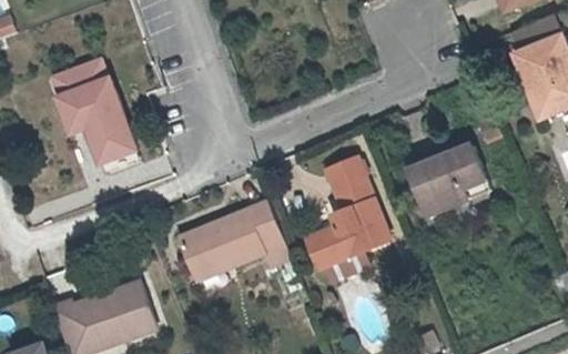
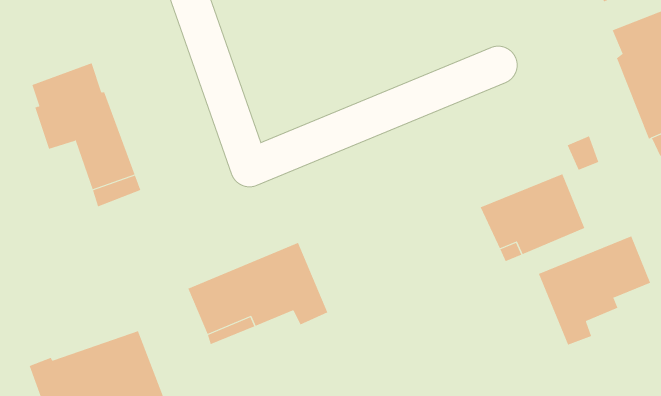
building: [304,159,388,283] -> none
building: none -> [538,235,651,346]

